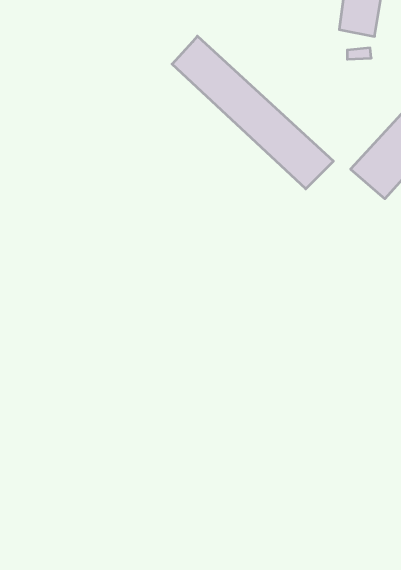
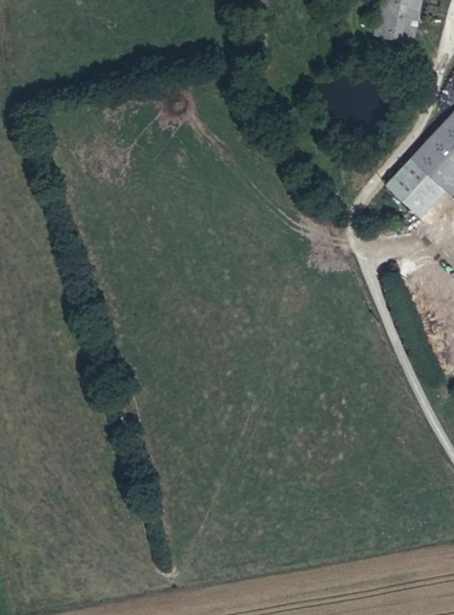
building: [172,36,333,189] -> none

